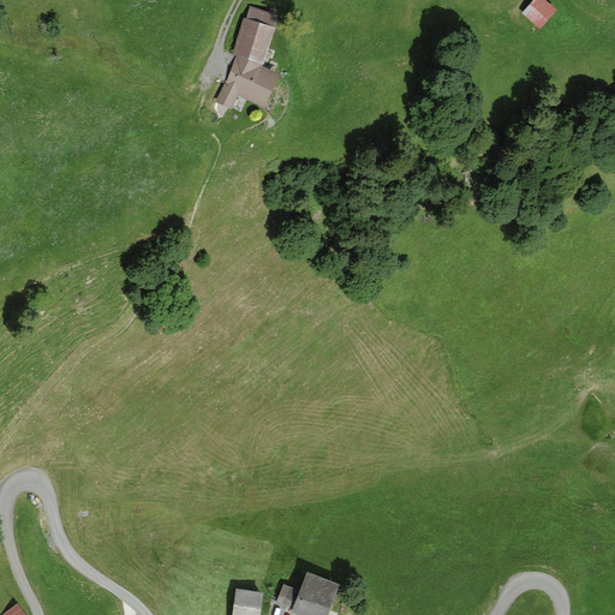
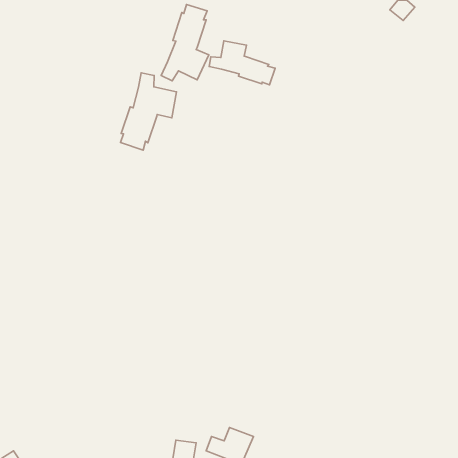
building: none -> [209,41,275,85]
building: none -> [120,73,177,150]

